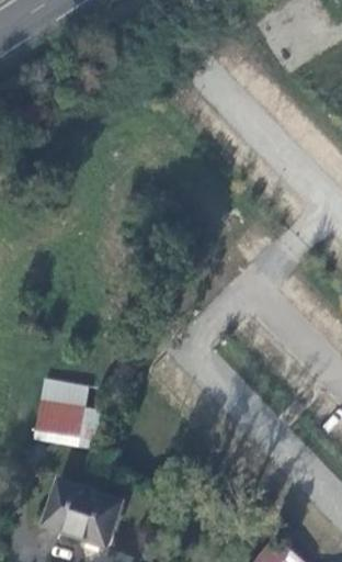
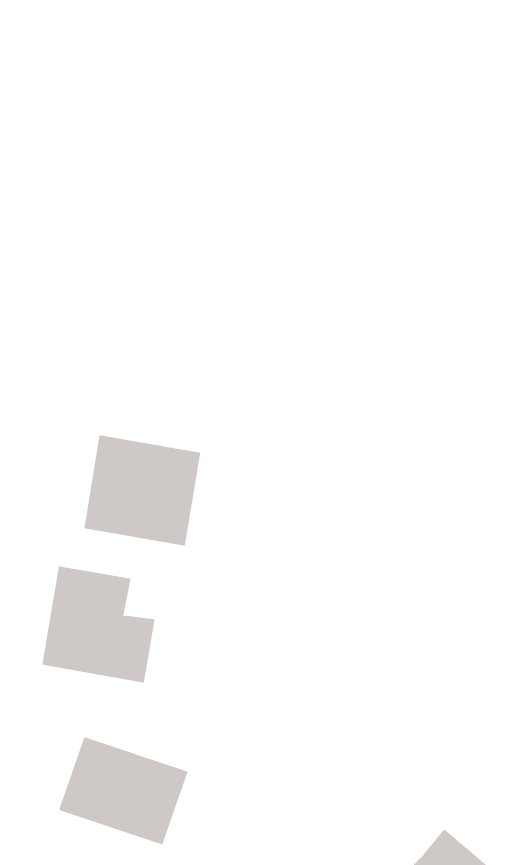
building: none -> [84,435,201,547]

